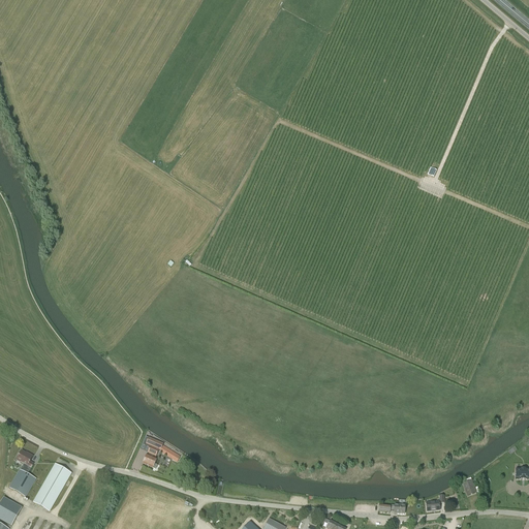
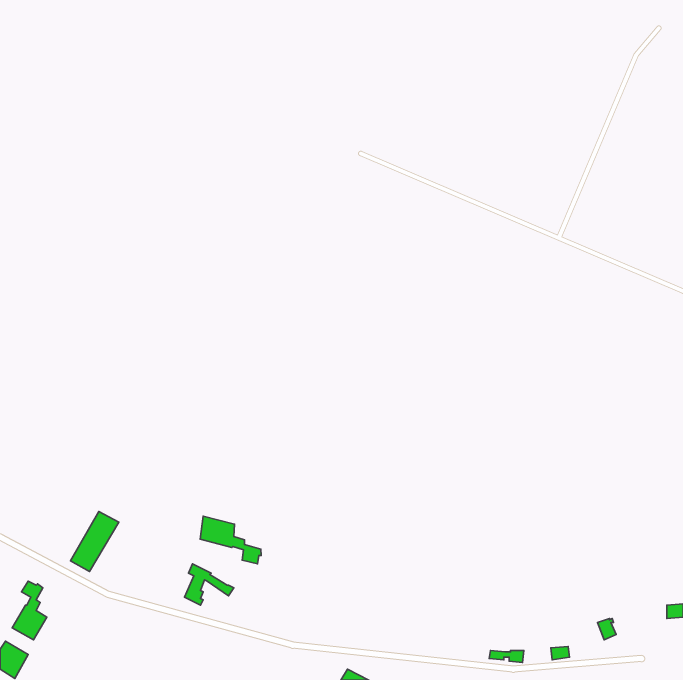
building: none -> [200,516,261,564]
building: [34,463,71,509] -> [71,511,119,572]

